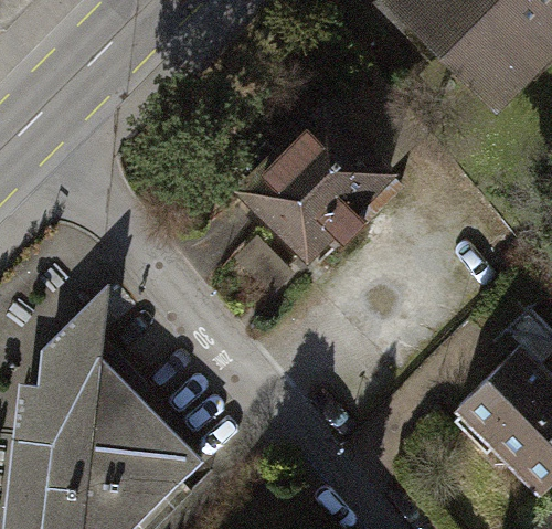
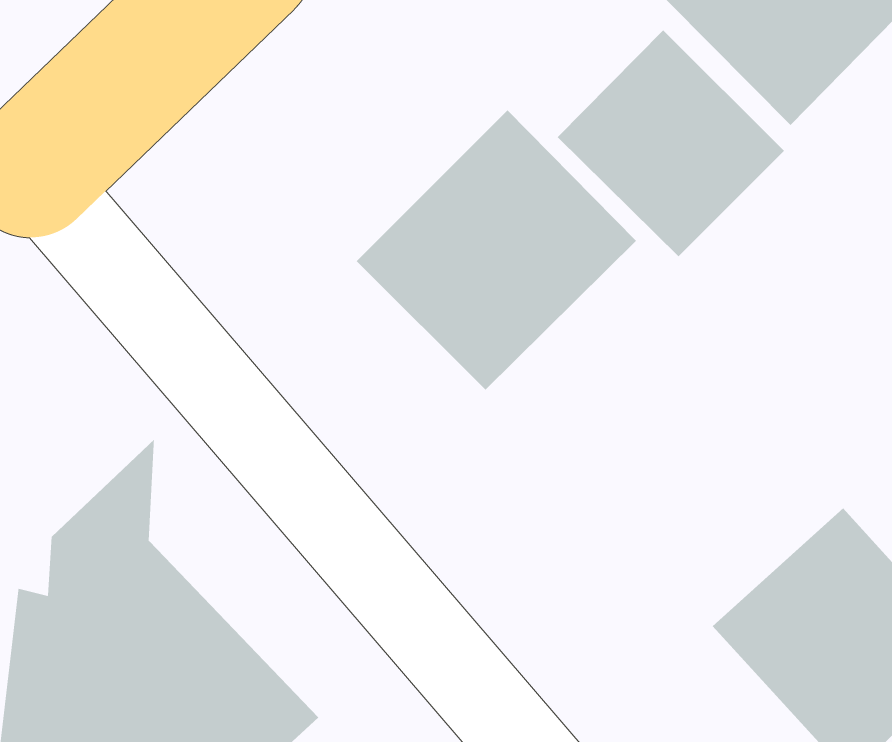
building: none -> [557,29,785,257]

